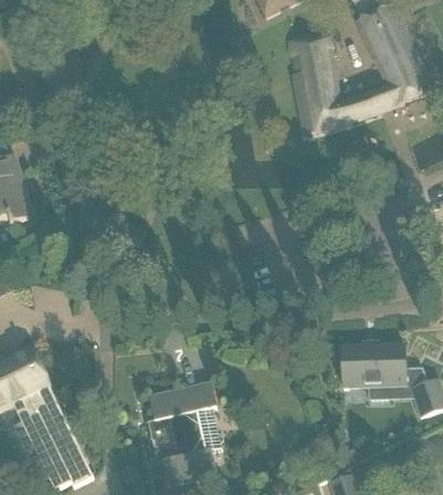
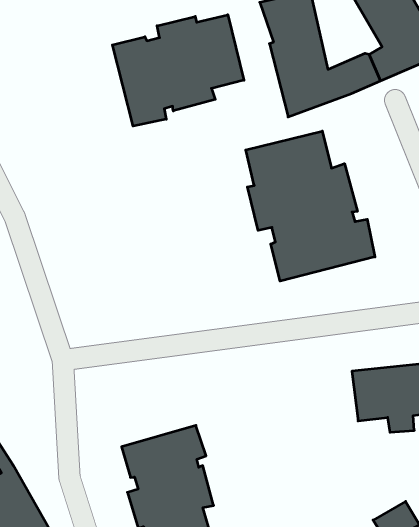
building: none -> [112,15,244,126]
building: none -> [246,131,375,281]

